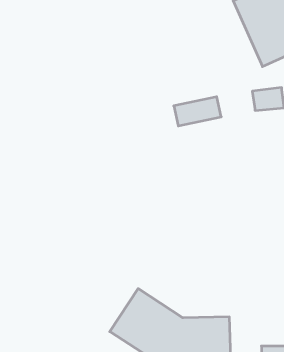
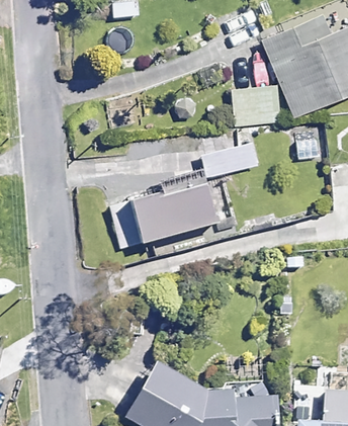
building: none -> [230,84,278,124]
building: none -> [133,188,218,246]

